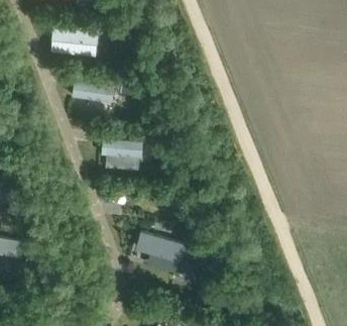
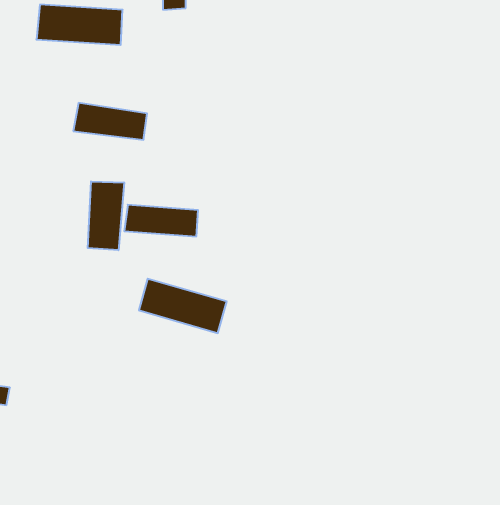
building: none -> [88,181,124,250]
building: [135,233,186,264] -> [139,279,227,333]

